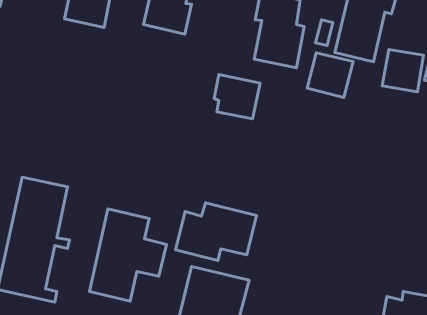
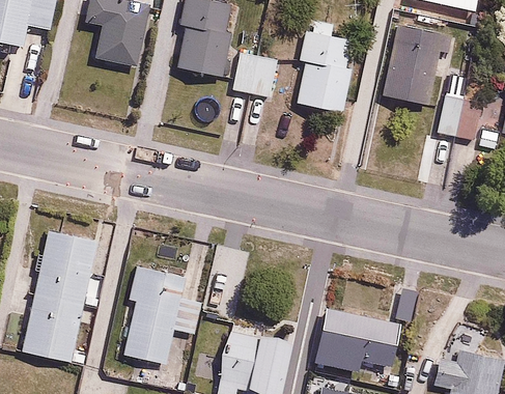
building: [307,53,353,98] -> none
building: [214,75,260,119] -> [228,50,278,97]
building: [176,203,256,261] -> [314,309,401,371]

